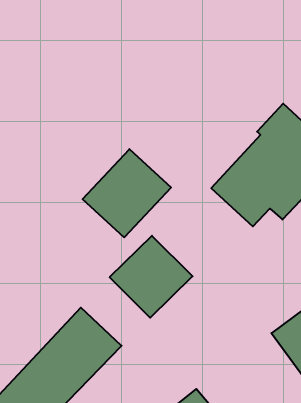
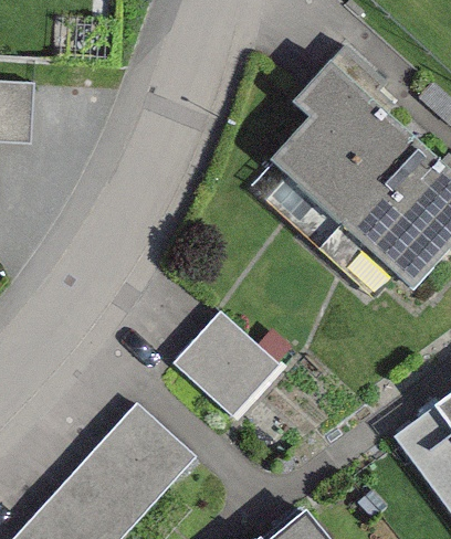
building: none -> [263,46,410,247]
building: [83,149,171,237] -> none

